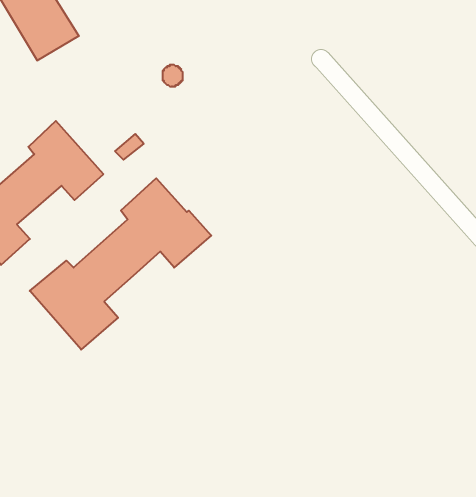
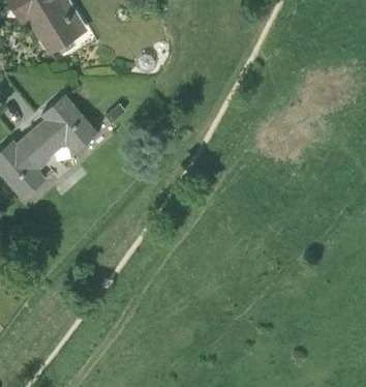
building: [30,178,211,350] -> none

